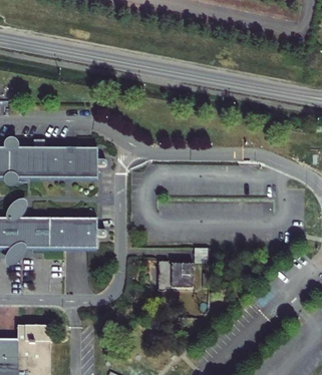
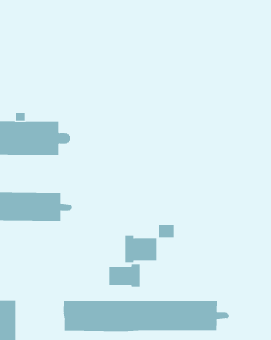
building: none -> [109,264,140,288]
building: none -> [63,300,229,332]

